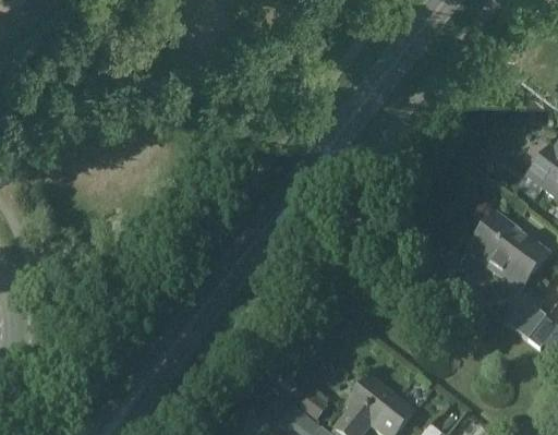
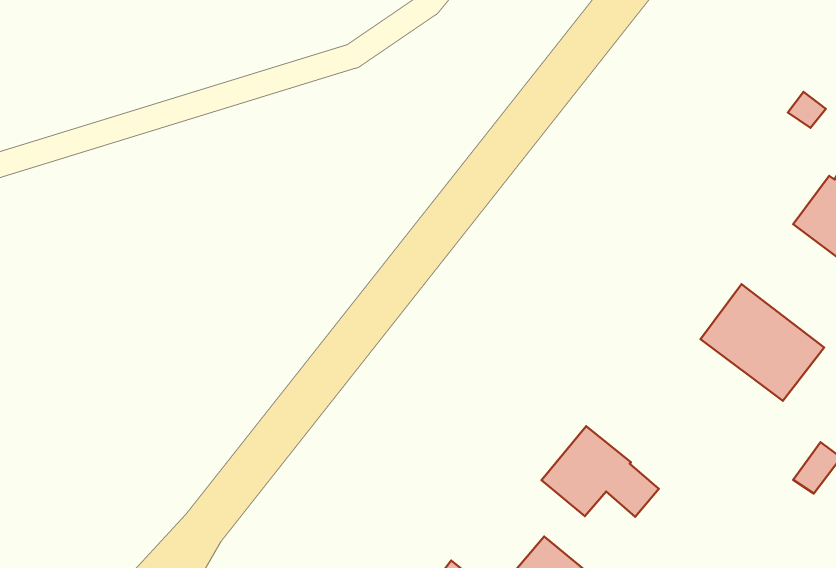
building: none -> [541,426,659,517]
building: [508,304,546,338] -> none

